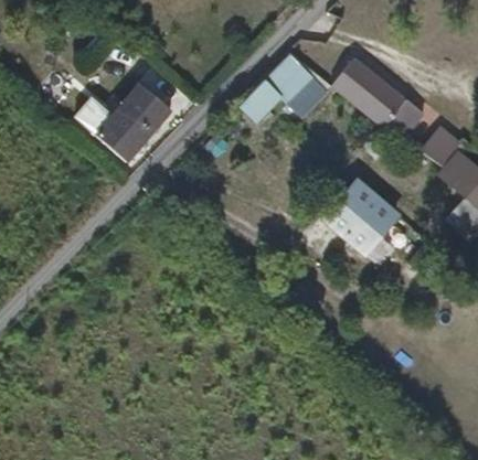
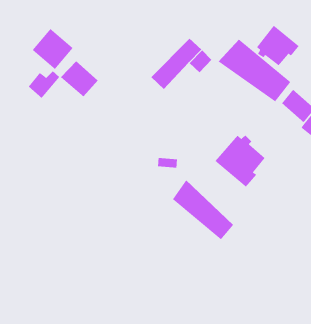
building: none -> [256,25,300,66]
building: [97,108,152,163] -> [32,28,74,70]
building: none -> [172,180,234,240]

